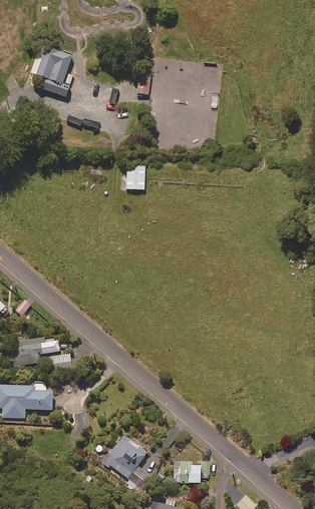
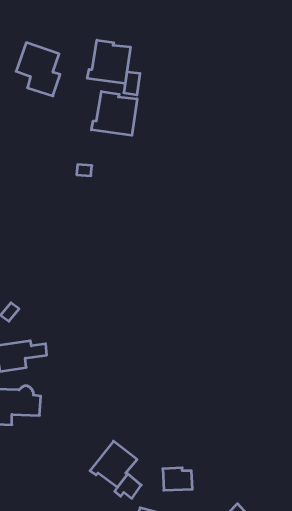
building: none -> [87,40,130,83]
building: none -> [91,91,137,135]
building: [124,166,143,190] -> none

